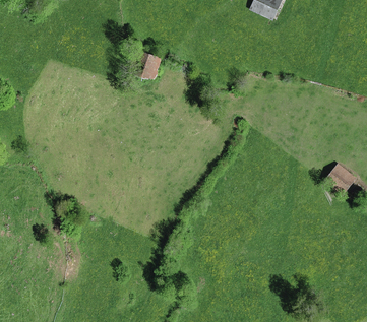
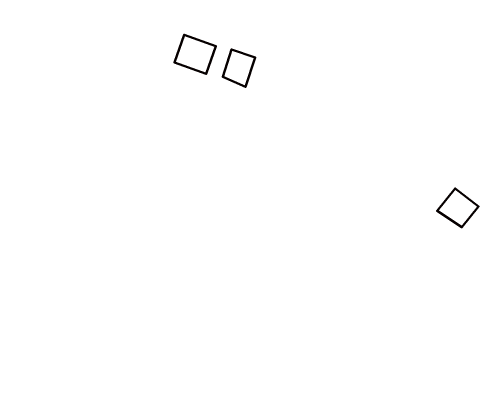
building: none -> [223,49,255,87]

